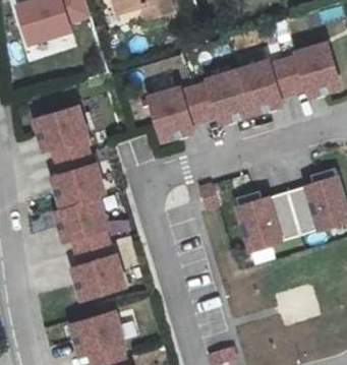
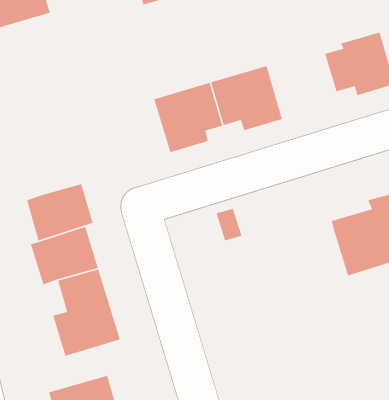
building: [239,60,293,112] -> none
building: [34,106,94,171] -> none
building: [237,191,302,250] -> none

